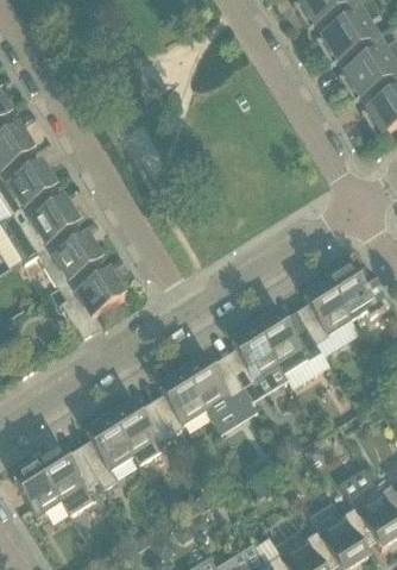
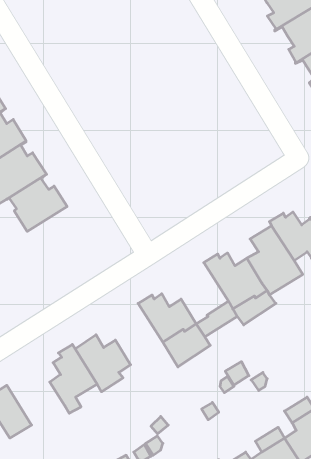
building: [58,259,125,338] -> none
building: [228,321,281,389] -> none
building: [156,367,208,434] -> none
building: [36,447,100,515] -> none

